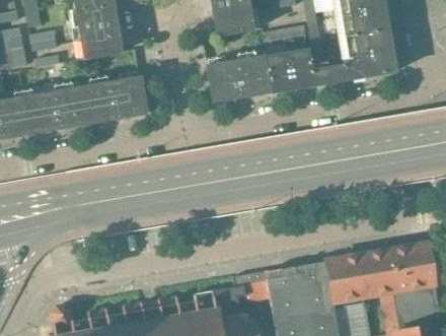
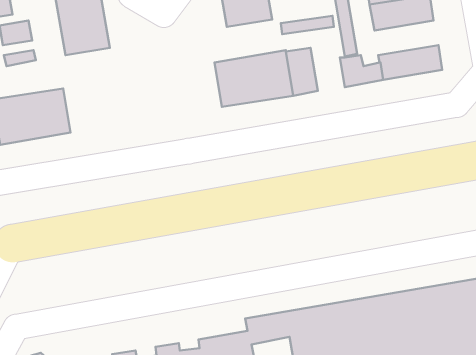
building: [340,30,392,59] -> none
building: [287,49,315,88] -> none
building: [83,76,147,123] -> none

